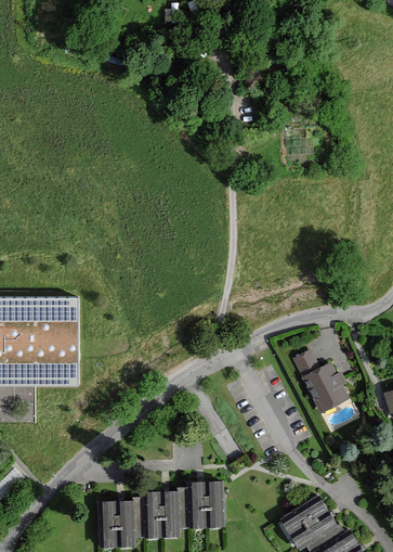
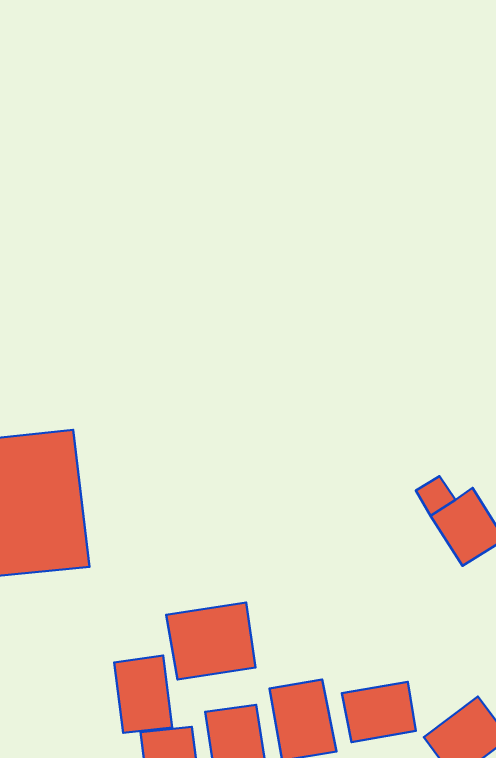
building: none -> [166,603,255,679]
building: none -> [114,656,172,733]
building: none -> [342,682,416,742]

